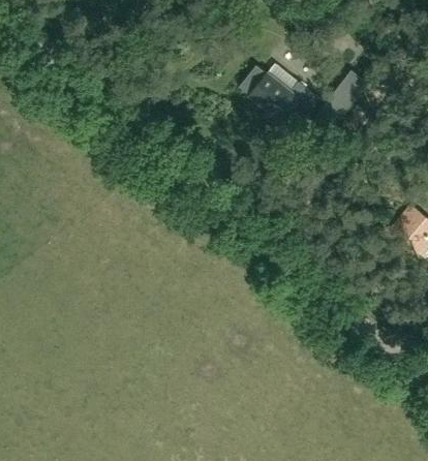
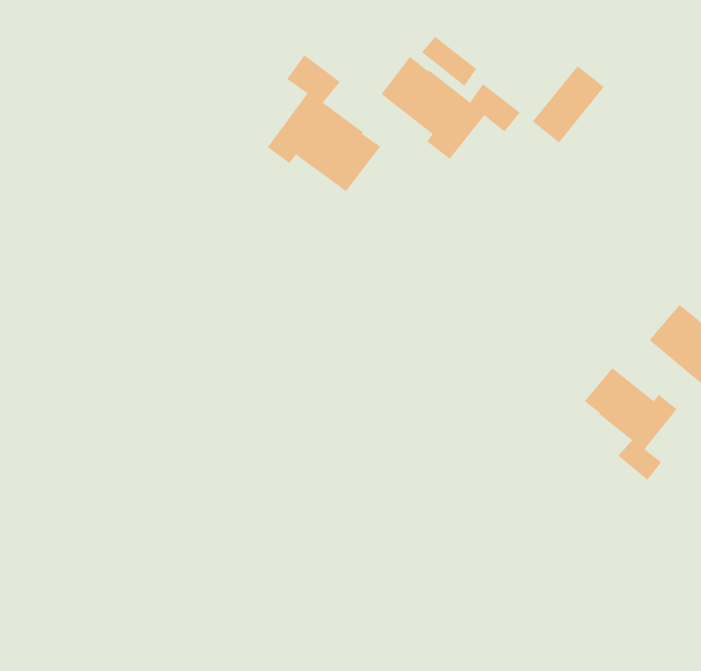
building: none -> [267,54,381,192]
building: none -> [584,367,678,481]

